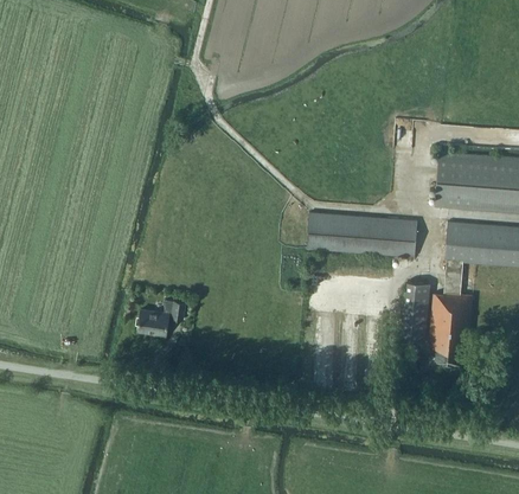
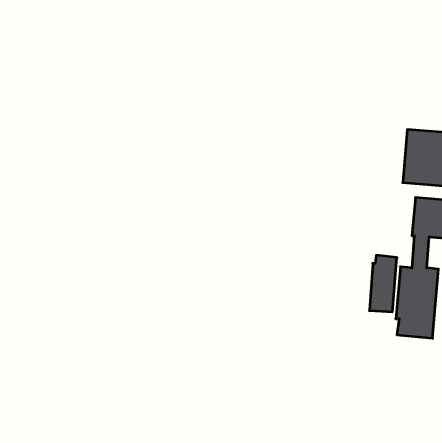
building: [307,211,417,256] -> none
building: [139,297,186,333] -> none

